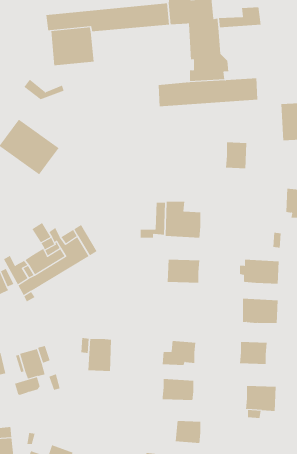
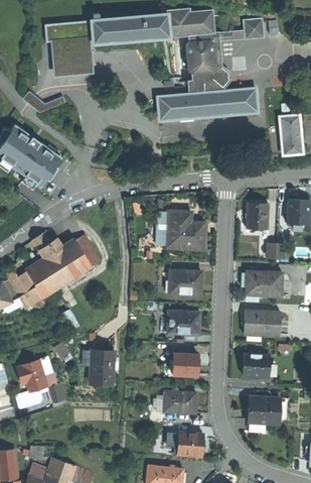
building: [225,142,247,169] -> [246,202,268,229]
building: none -> [160,311,199,335]

